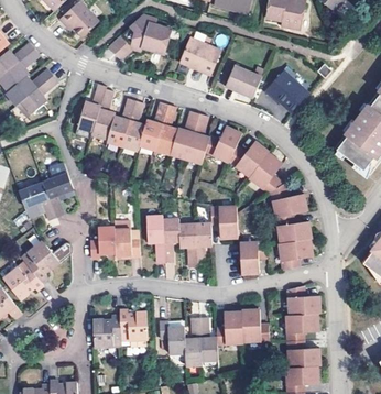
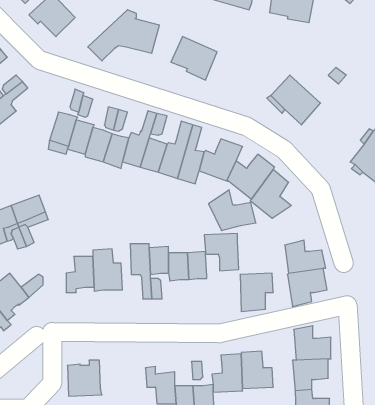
building: [226,64,262,97] -> none
building: [268,182,308,217] -> [209,190,256,231]
building: [119,310,148,340] -> none

